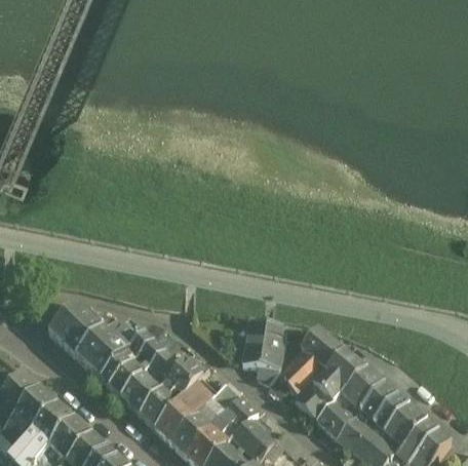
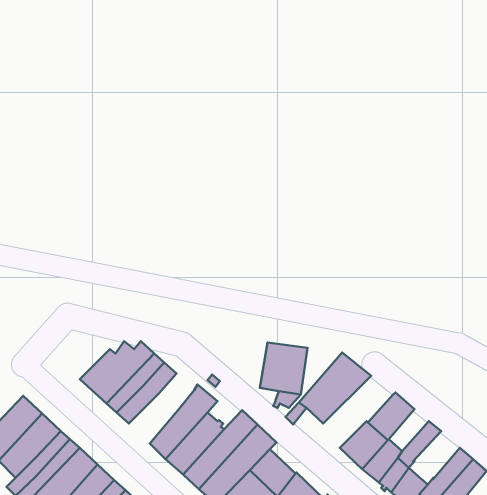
building: [50,303,105,356] -> none
building: [122,351,183,416] -> none
building: [297,353,366,420] -> none
building: [362,384,399,423] -> none
building: [385,404,428,454] -> none

